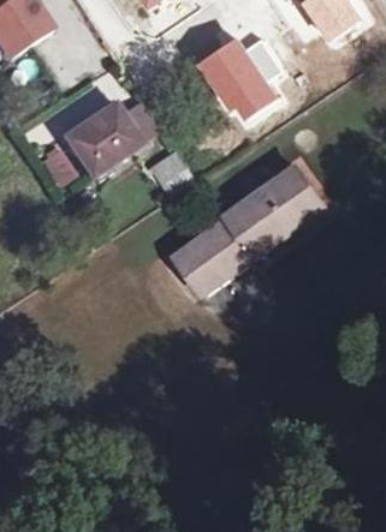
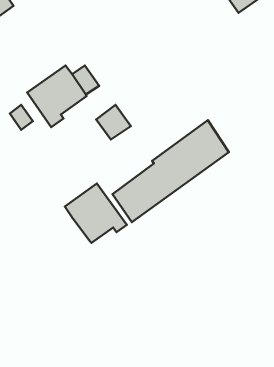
building: [202,35,280,113] -> none
building: none -> [65,184,127,243]

